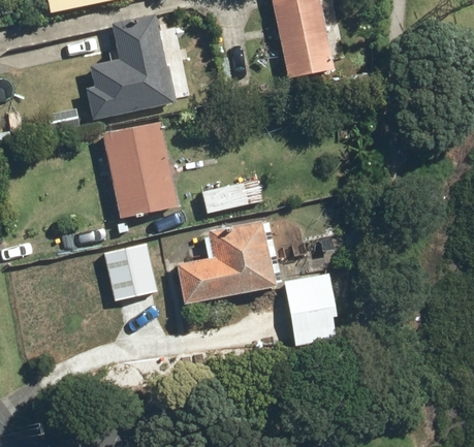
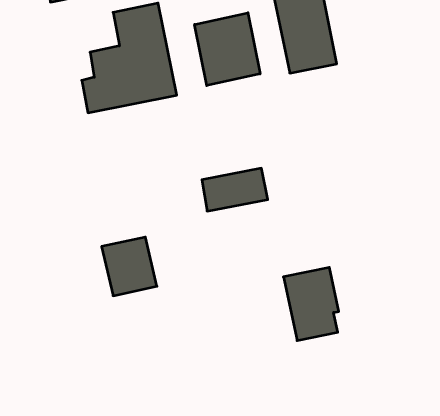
building: none -> [195,13,260,86]
building: [103,120,181,217] -> none
building: [176,223,273,307] -> none

